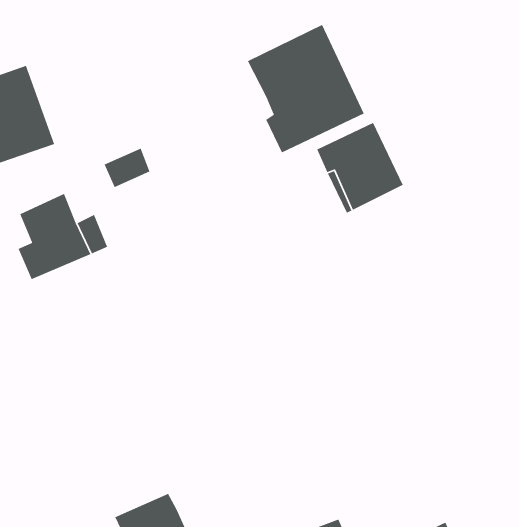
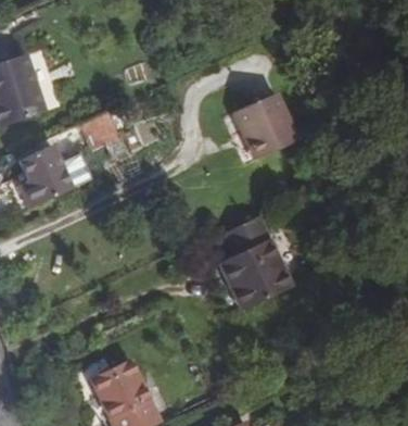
building: [247,24,365,153] -> none
building: none -> [220,221,289,313]

